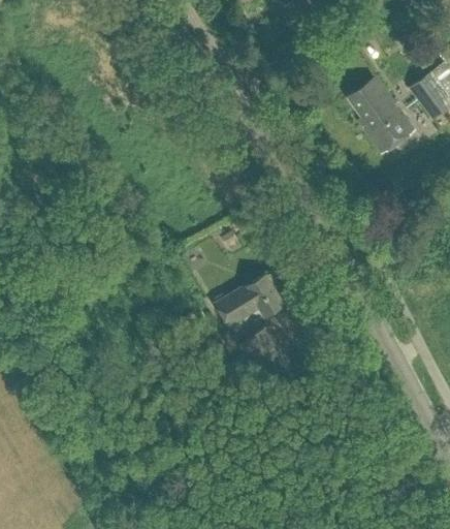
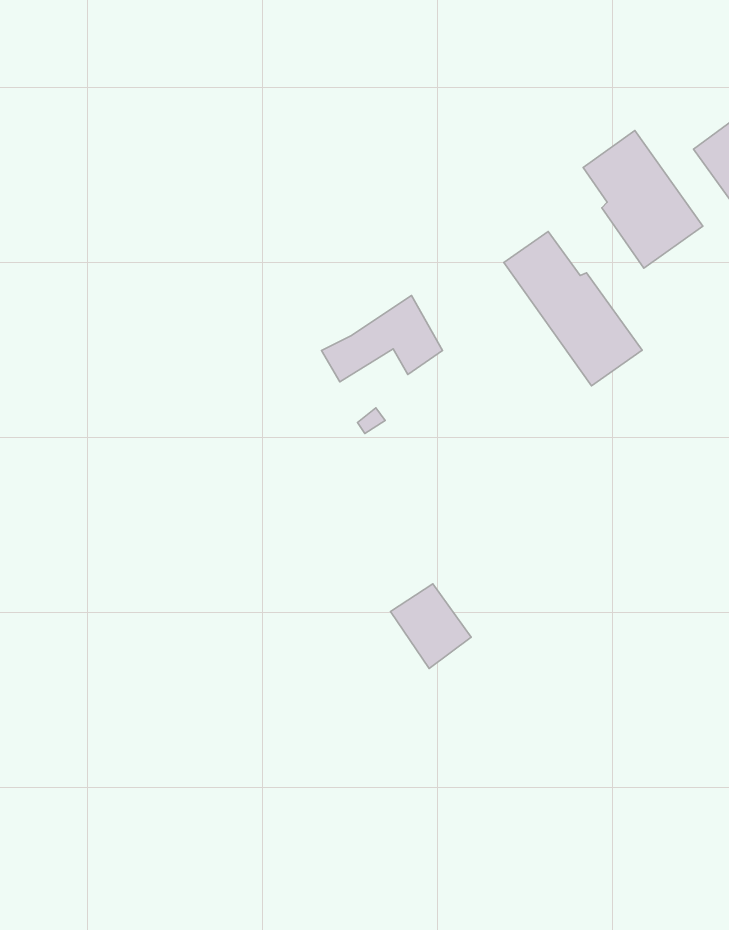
building: none -> [504,231,642,386]
building: [216,274,284,322] -> [321,296,443,382]

